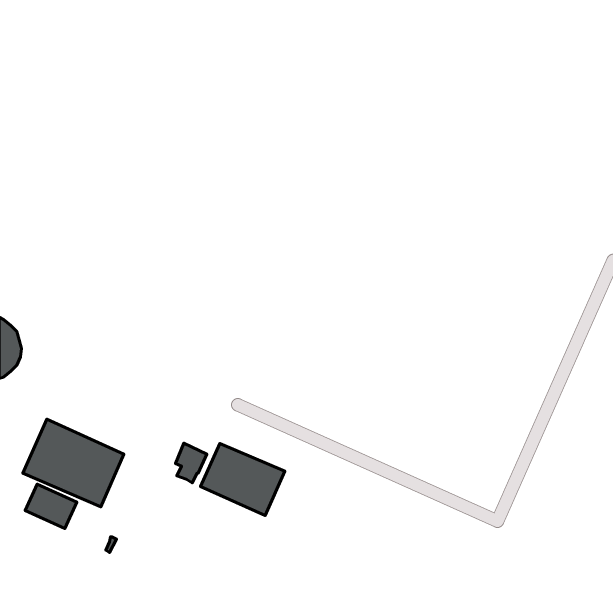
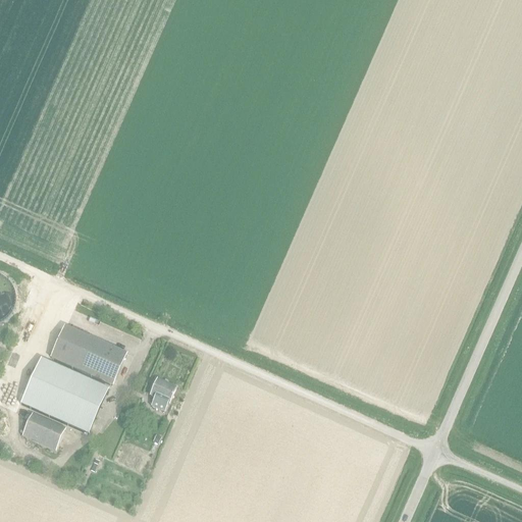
building: none -> [50,324,125,383]
building: [201,443,285,516] -> none

